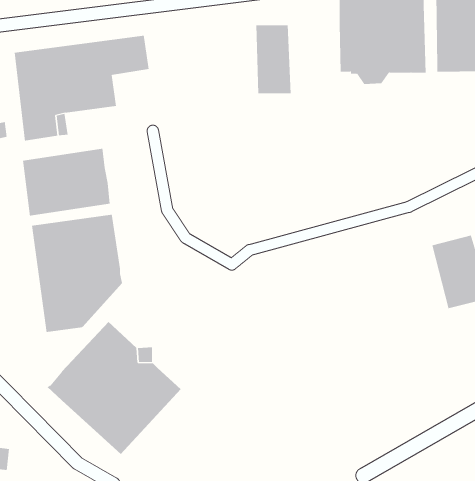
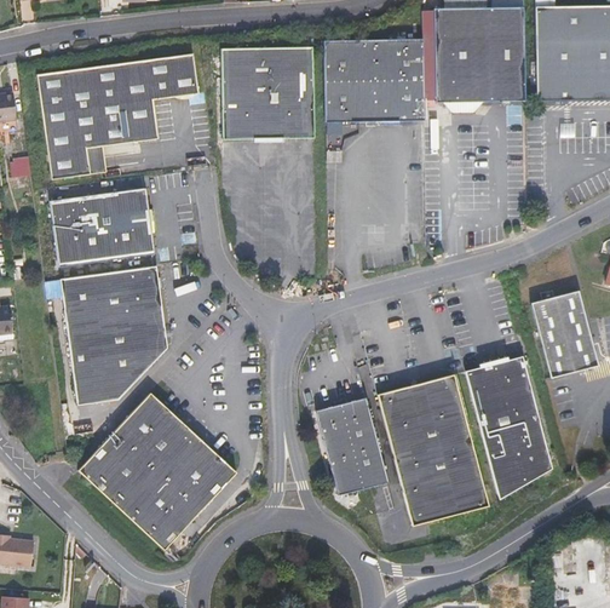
building: none -> [362,40,424,122]
building: none -> [223,48,315,142]
building: none -> [465,354,552,498]
building: none -> [376,372,488,524]
building: none -> [315,395,386,493]

